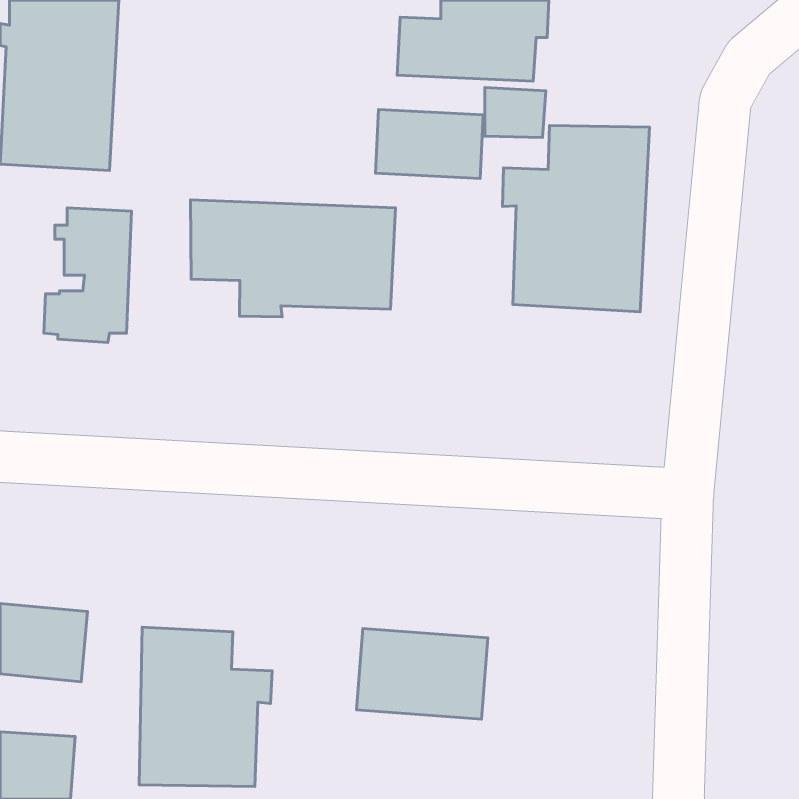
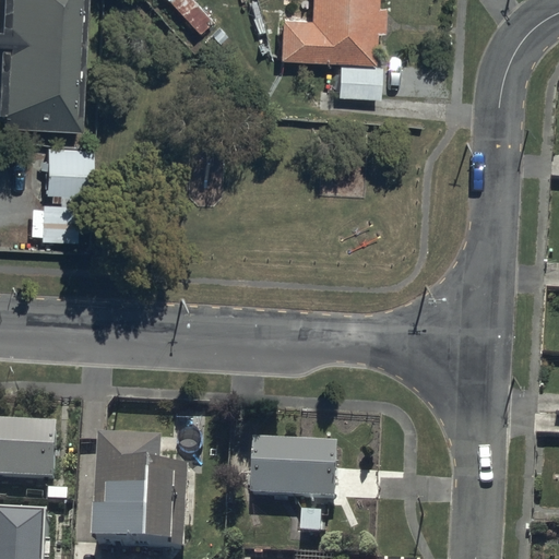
building: [375,110,483,179] -> none
building: [502,125,650,312] -> none
building: [190,200,396,317] -> none

